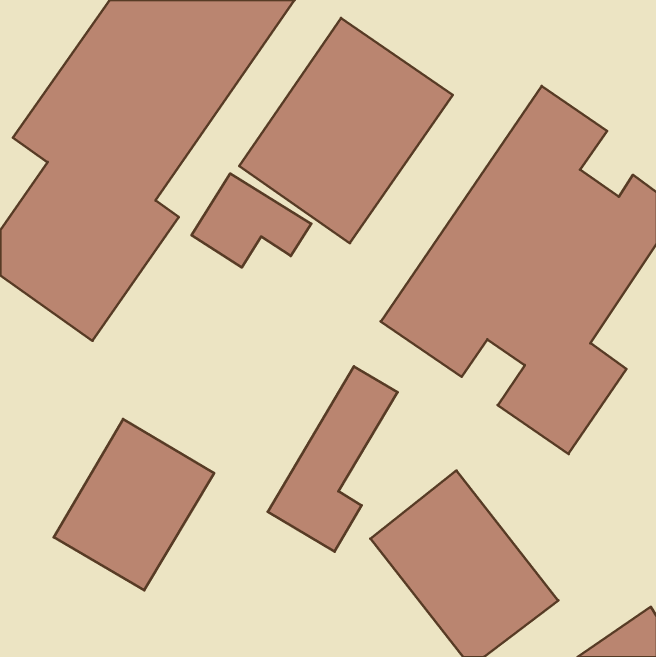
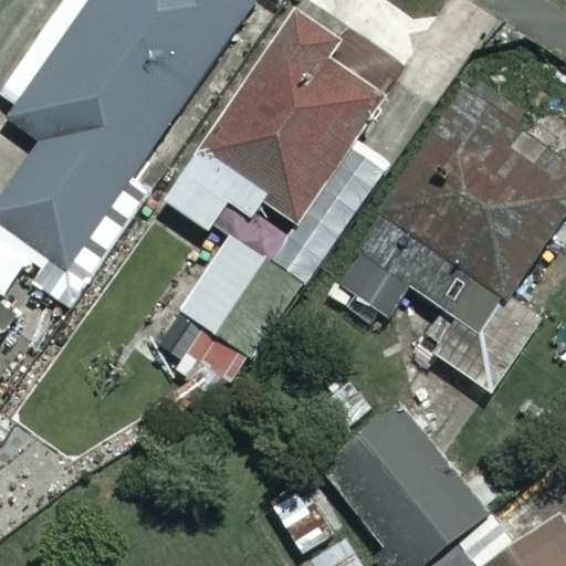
building: [268,366,398,552] -> [154,233,265,392]
building: [54,419,214,590] -> none

